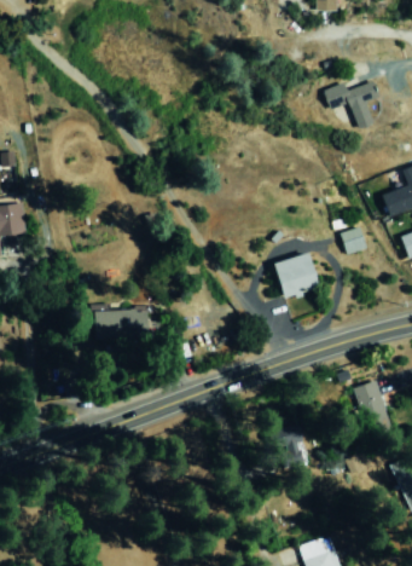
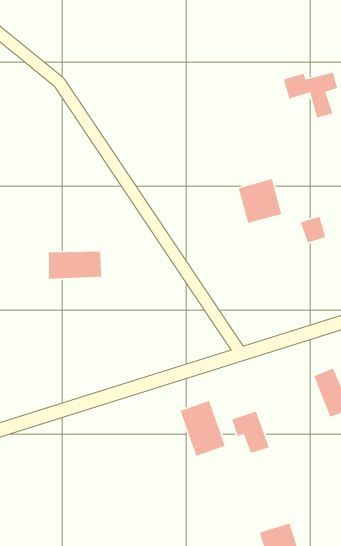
building: [274,253,319,299] -> [238,178,282,224]
building: [95,310,150,339] -> [48,251,102,280]
building: none -> [179,400,226,457]

